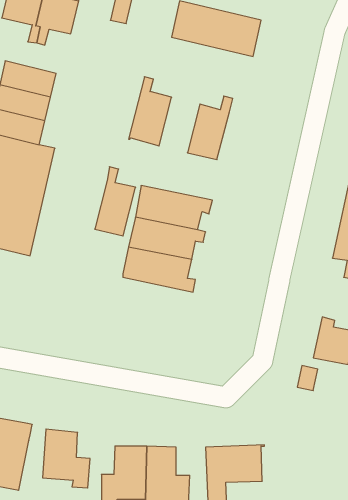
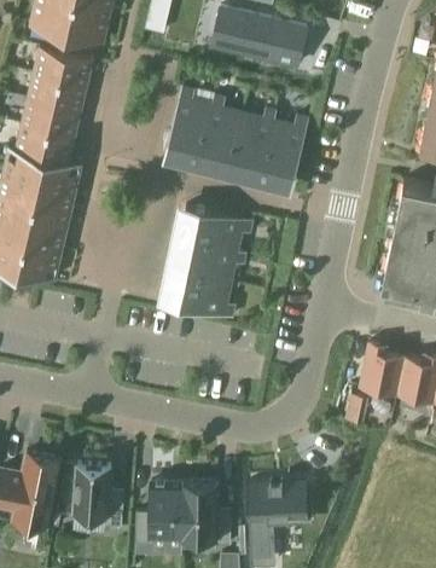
building: none -> [33,47,93,86]
building: none -> [258,118,307,187]
building: [95,167,136,236] -> [197,97,240,170]

